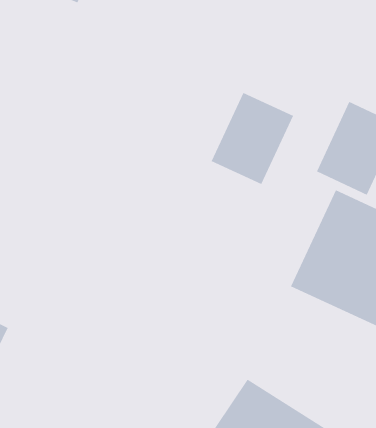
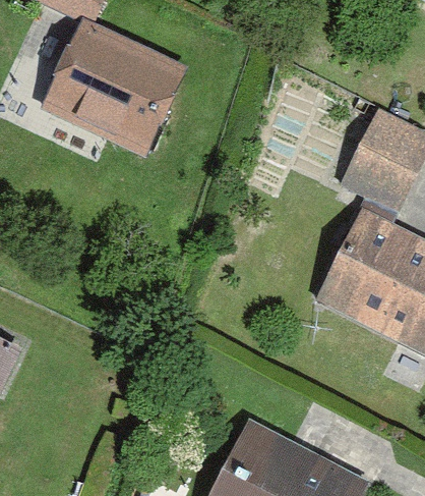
building: none -> [49,25,175,146]
building: [211,92,294,185] -> none

